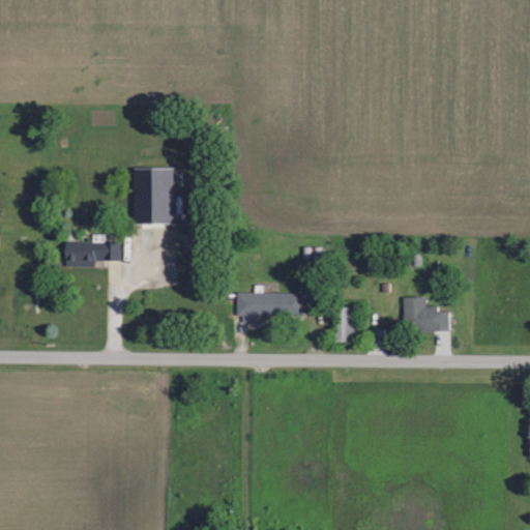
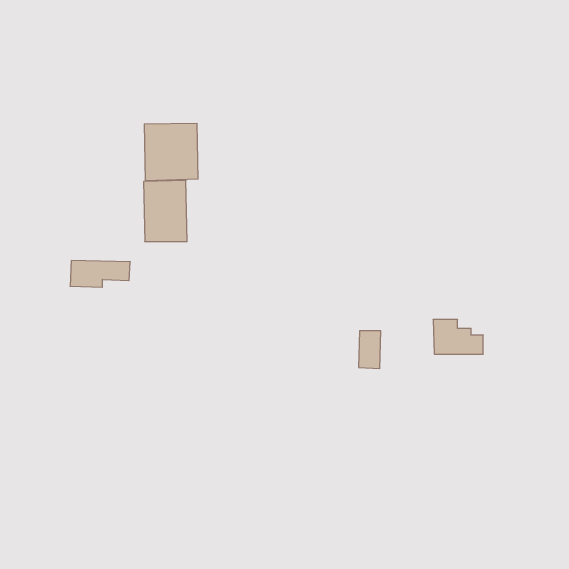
building: none -> [144,123,198,181]
building: [238,293,305,319] -> none

